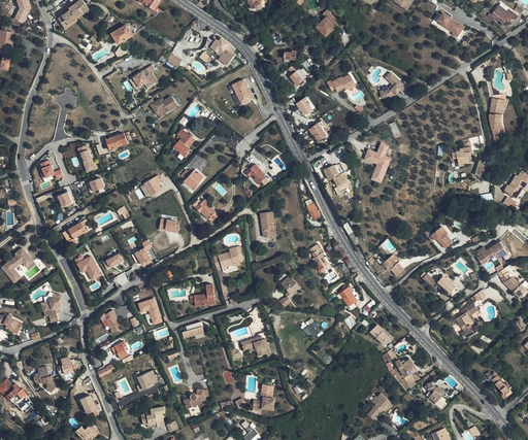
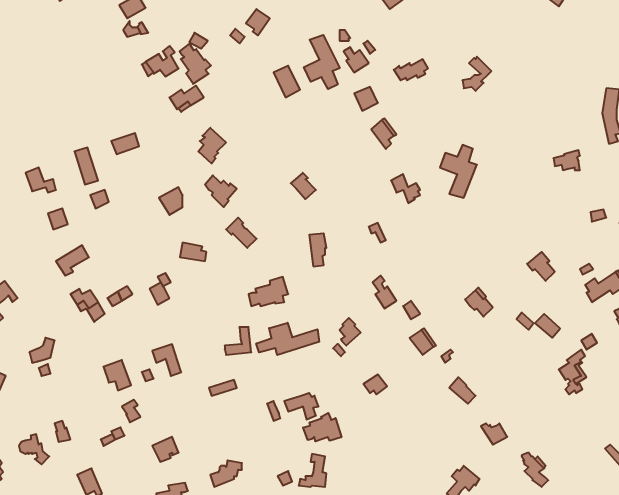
building: none -> [304,35,340,89]
building: none -> [180,44,211,84]
building: none -> [256,323,319,355]
building: none -> [303,413,341,441]

